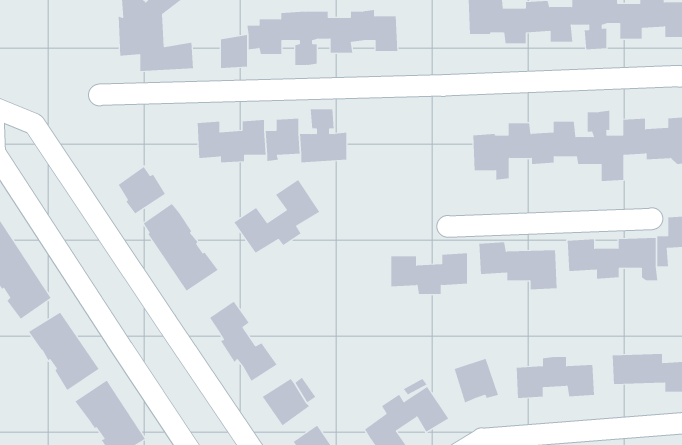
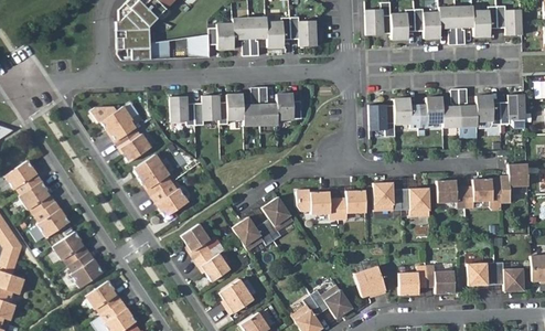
building: none -> [278,94,303,119]
building: none -> [90,106,136,142]
building: [233,179,320,254] -> [232,197,293,250]

